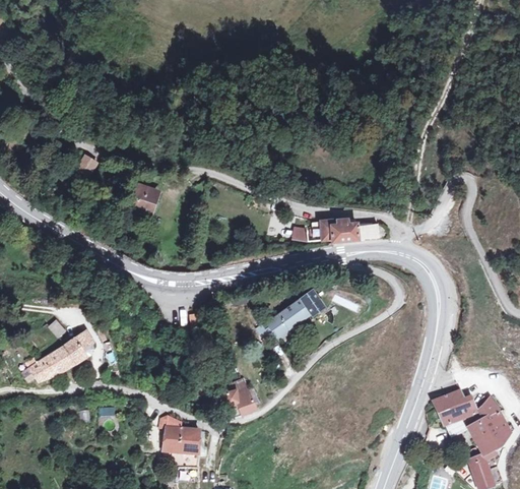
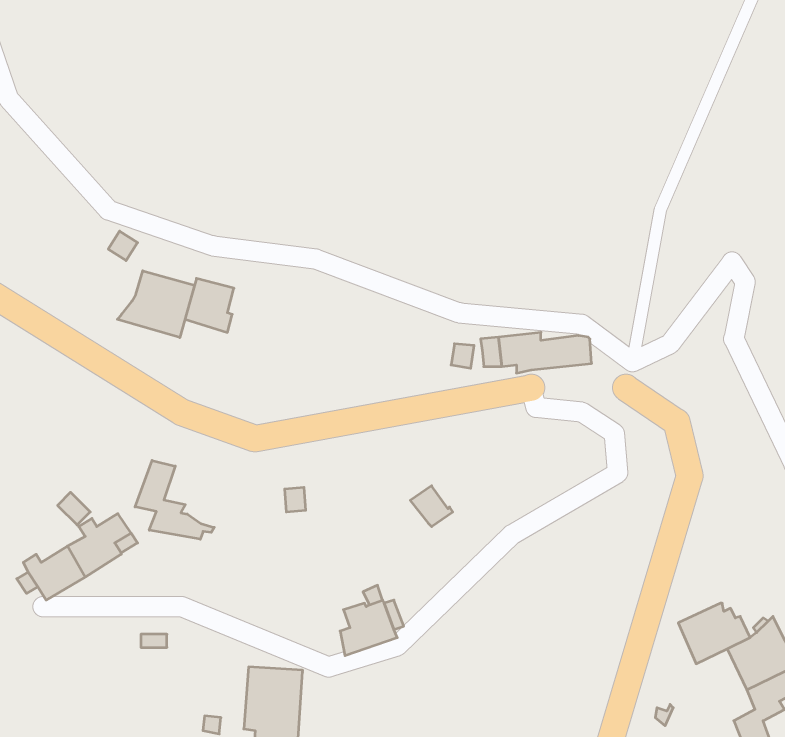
building: none -> [117,271,195,338]
building: [279,290,323,327] -> none
building: none -> [135,460,214,539]

